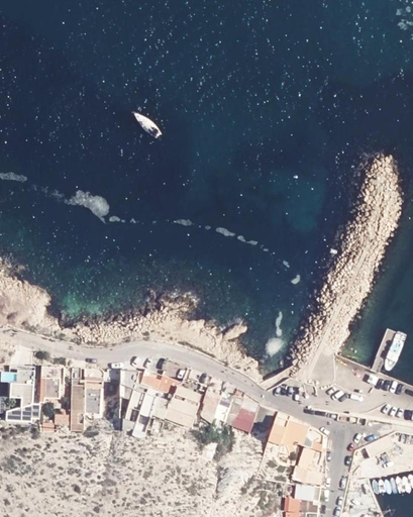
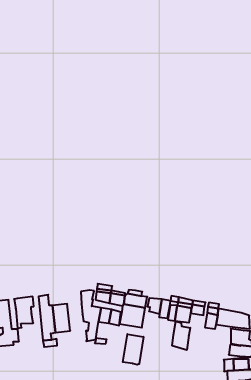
building: none -> [172,321,190,350]
building: none -> [123,334,143,365]

